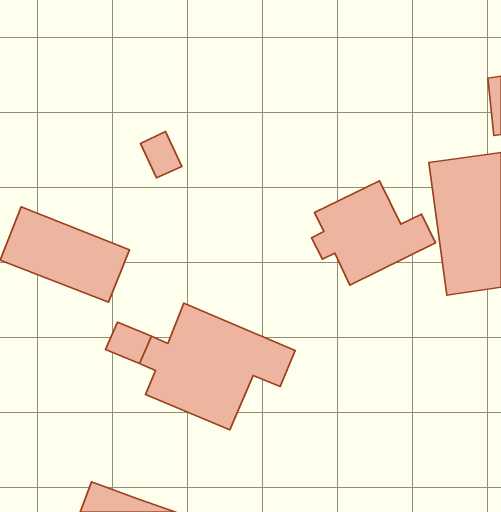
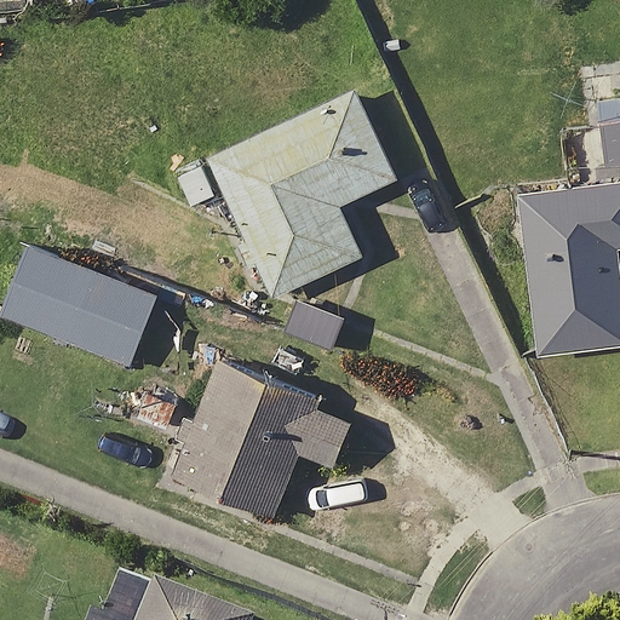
building: none -> [203,82,397,303]
building: [312,181,435,285] -> none

